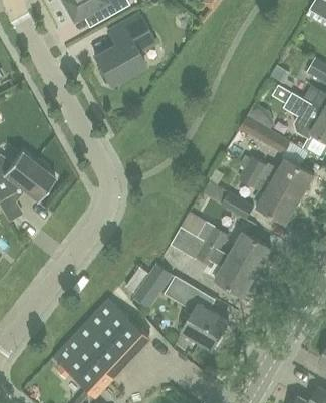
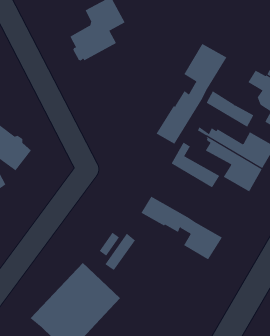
building: none -> [156,43,227,145]
building: [182,211,229,249] -> none
building: [230,231,272,271] -> none
building: [164,275,229,348] -> none

